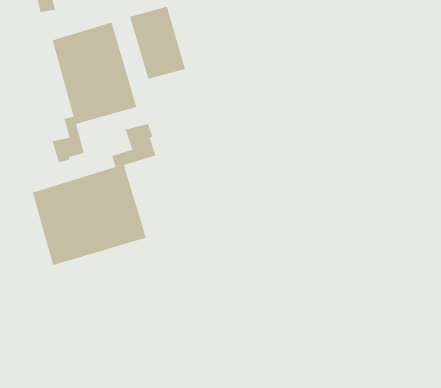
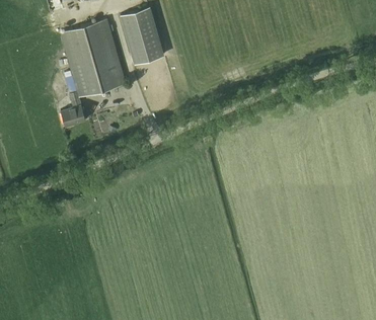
building: [32,123,156,266] -> none

